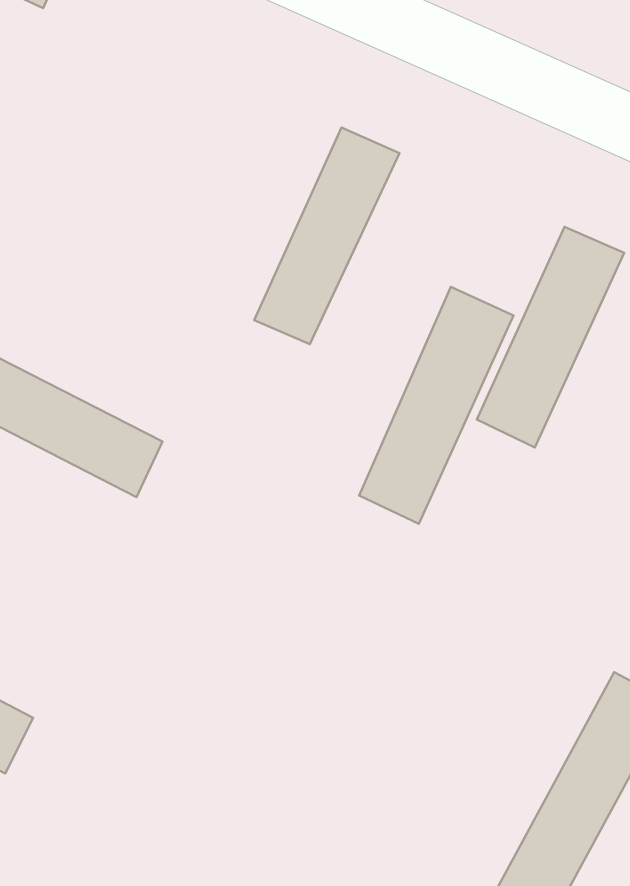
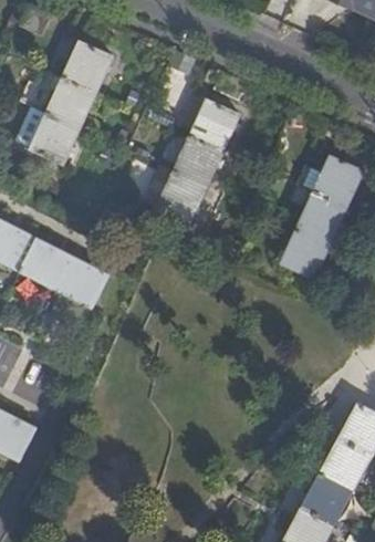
building: none -> [30,42,111,165]
building: [359,287,513,524] -> none

